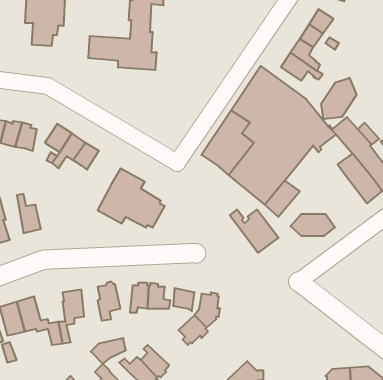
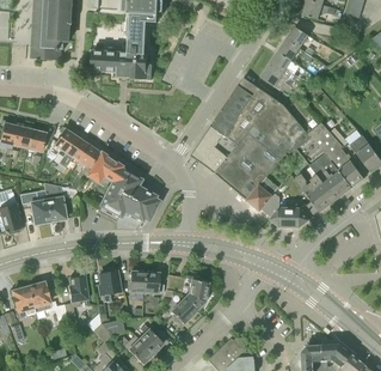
building: [321,78,356,119] -> none
building: none -> [84,152,119,188]
building: none -> [42,182,64,221]
building: [230,210,279,253] -> [294,174,337,212]

